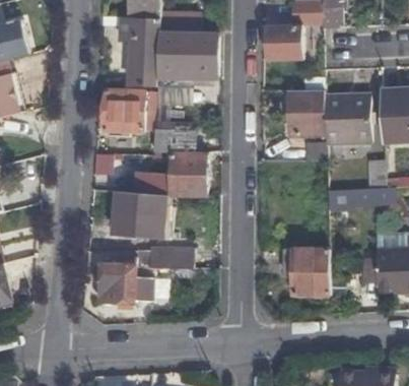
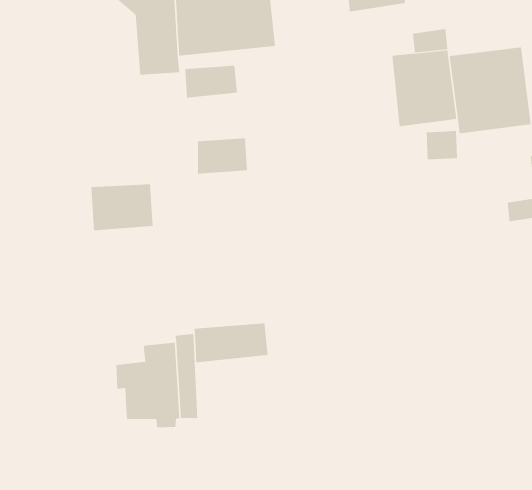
building: [104,90,147,134] -> none
building: [112,155,206,239] -> none
building: [280,250,330,297] -> none

